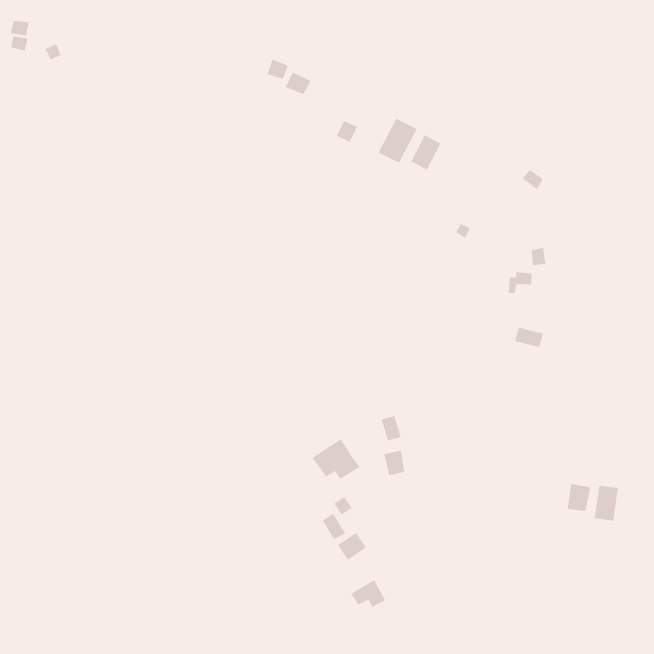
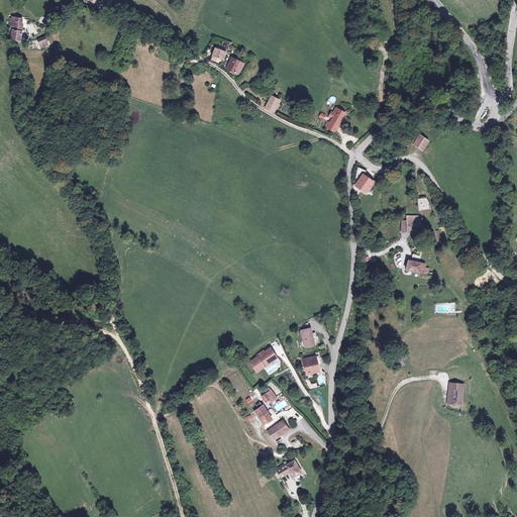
building: [378,118,418,164] -> none
building: [594,485,619,522] -> none

